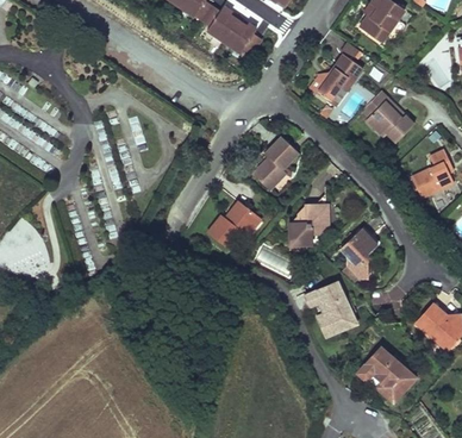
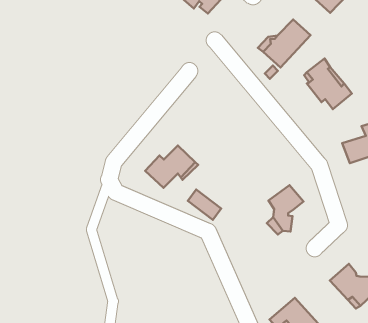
building: [252,136,299,190] -> none
building: [289,206,326,245] -> none
building: [305,281,357,337] -> none

